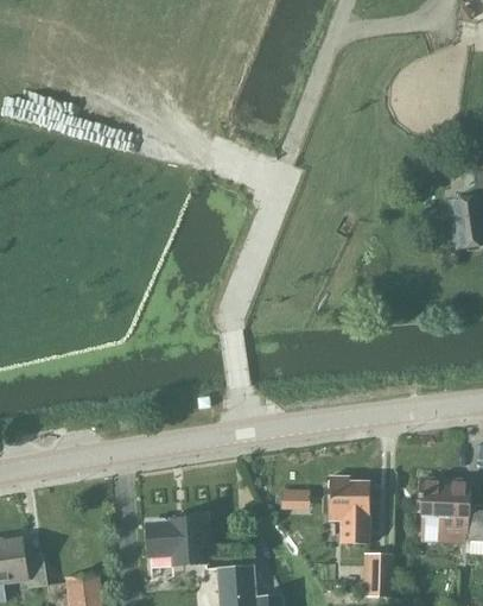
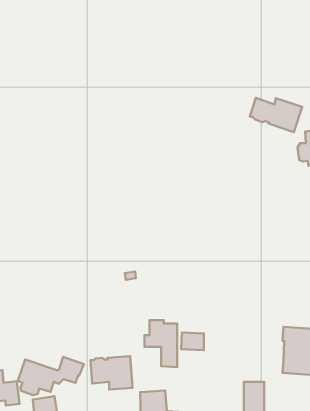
building: none -> [250,98,302,132]
building: [324,476,370,543] -> [144,320,177,367]
building: none -> [18,357,84,395]

